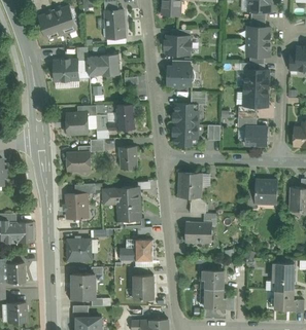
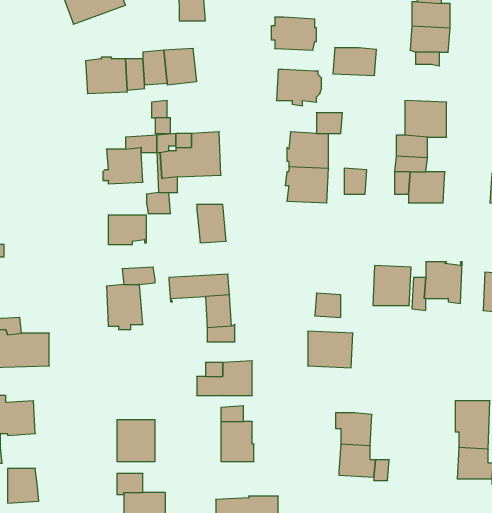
building: [243,69,269,85] -> [333,48,376,75]
building: [178,173,201,196] -> [373,266,411,305]
building: [67,239,91,260] -> none

